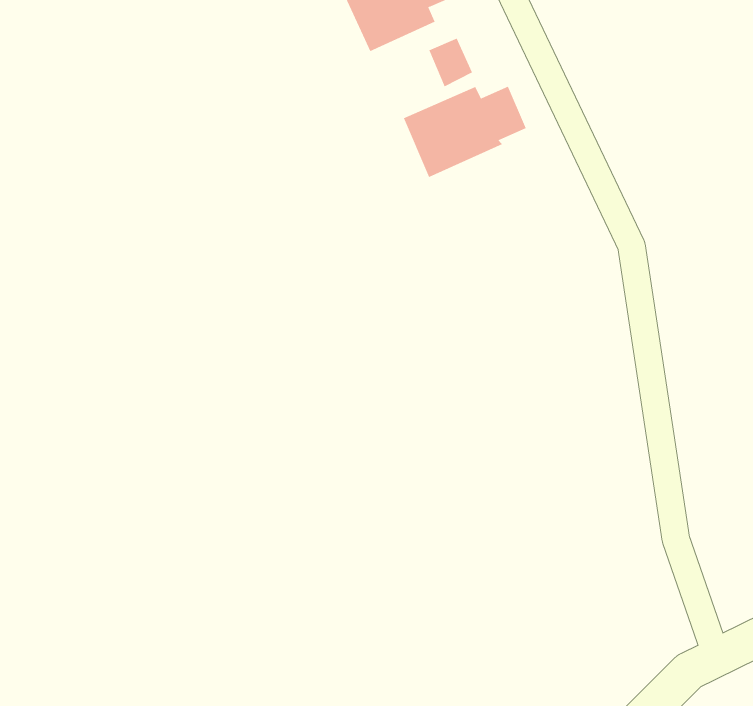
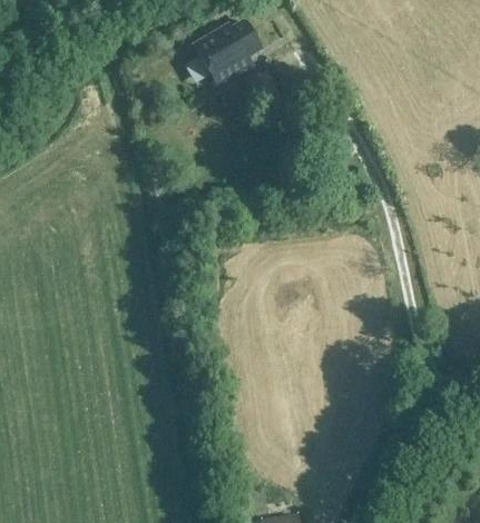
building: [403,86,526,178] -> none

